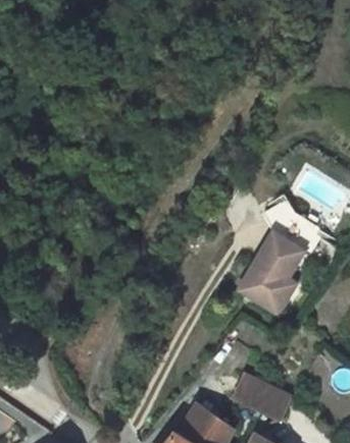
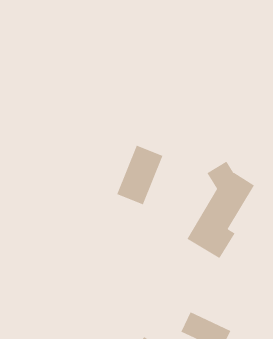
building: none -> [117,145,163,205]

